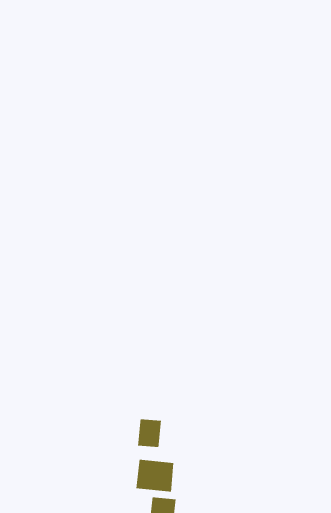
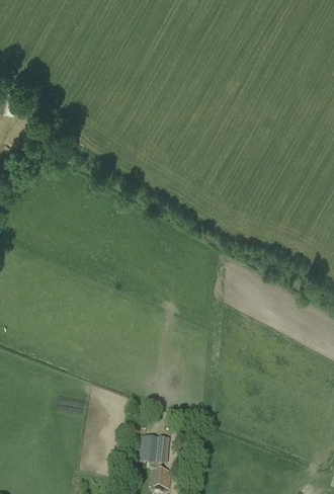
building: [137,418,162,448] -> none

